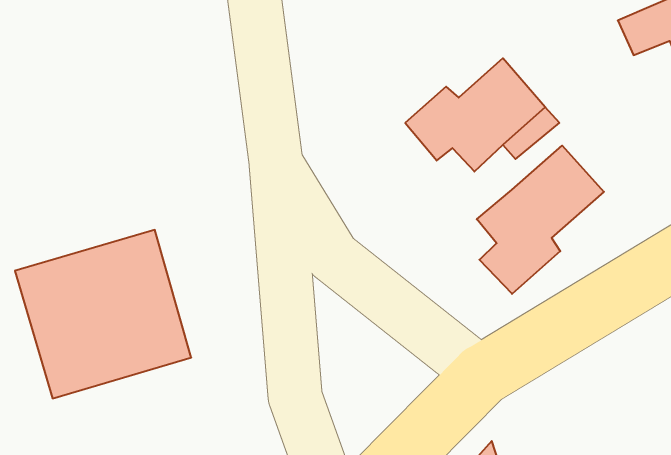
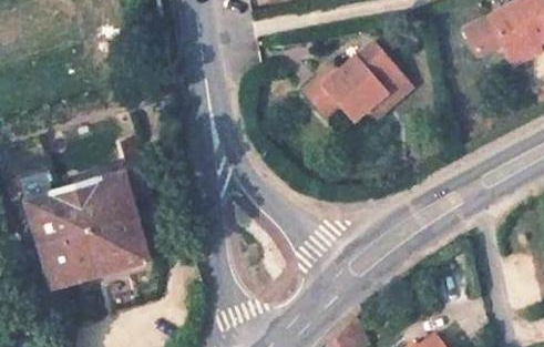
building: [477,146,604,294] -> none

